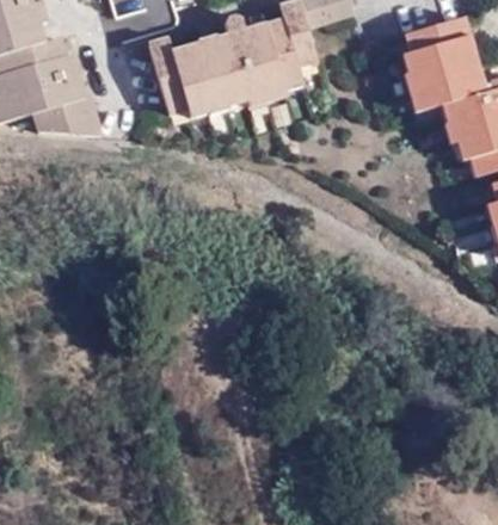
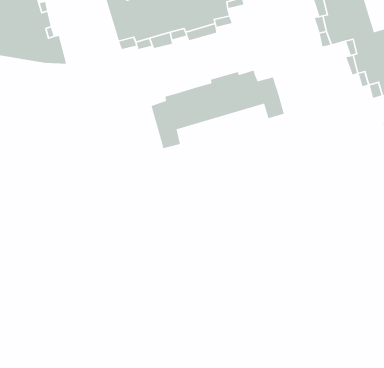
building: none -> [151,69,285,149]

